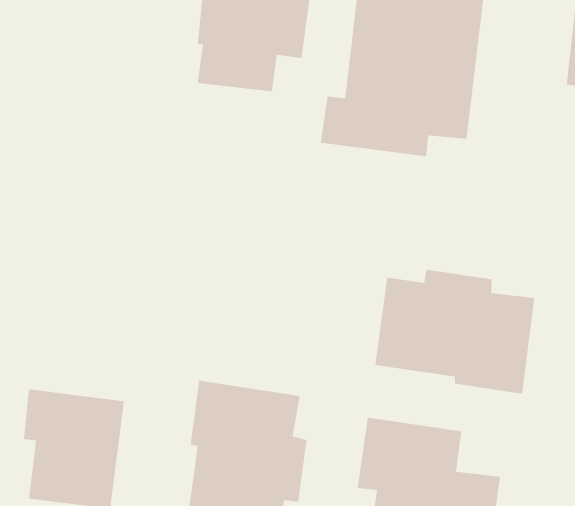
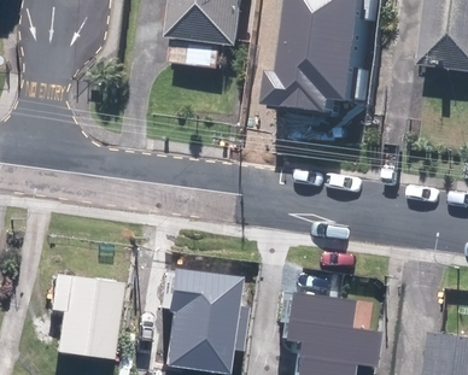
building: [374,269,535,394] -> none

